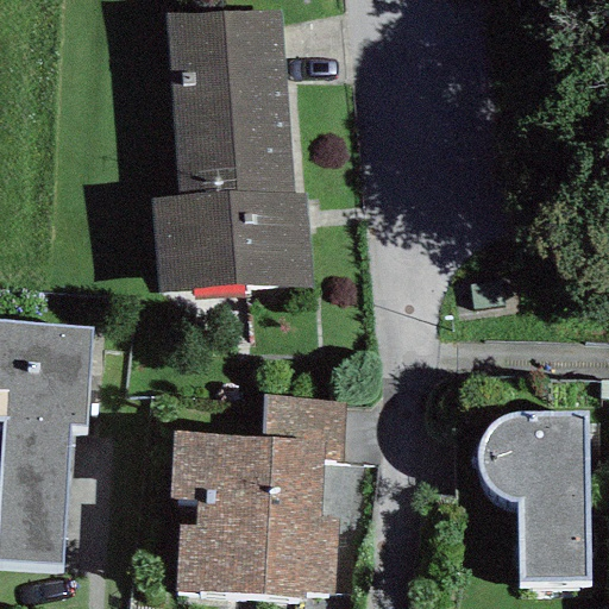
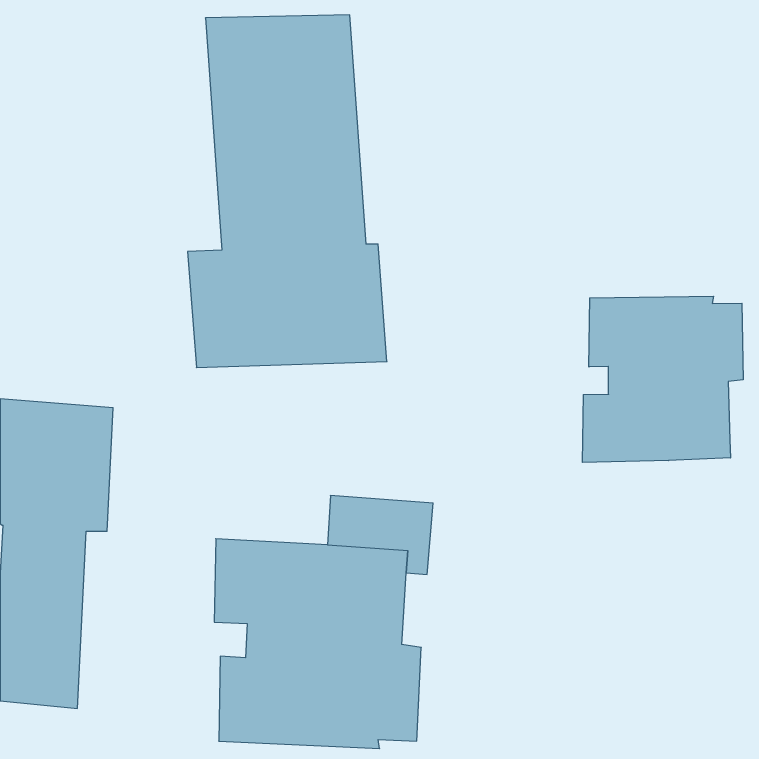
building: none -> [583,296,743,462]
building: [478,412,589,585] -> none

